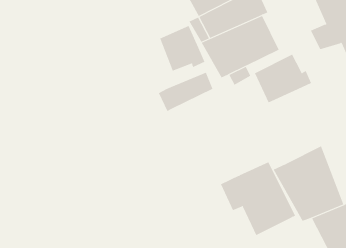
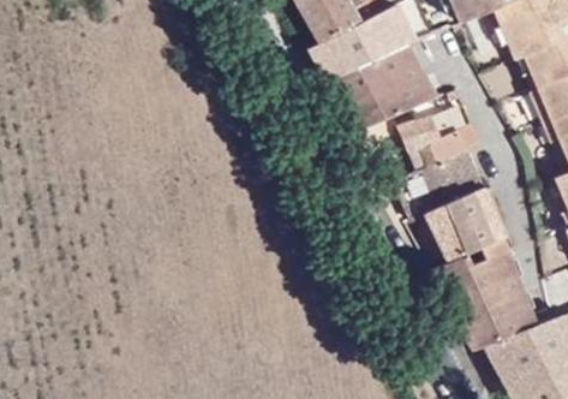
building: [160,25,205,71] -> none
building: [158,72,213,112] -> none
building: [220,162,296,236] -> [396,151,508,262]

